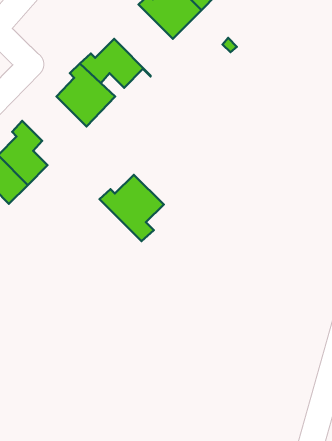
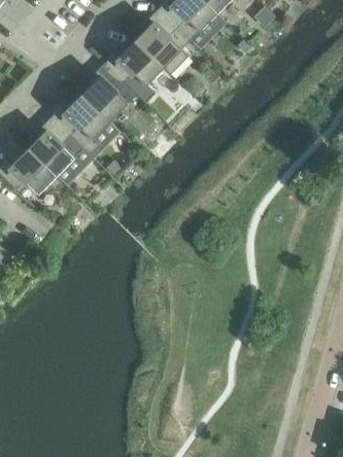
building: none -> [136,9,191,75]
building: [99,175,164,241] -> [50,95,110,156]

